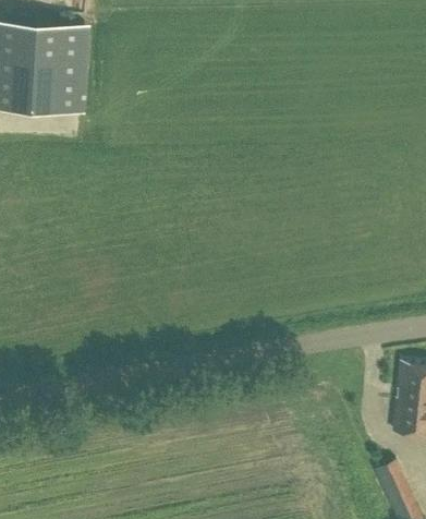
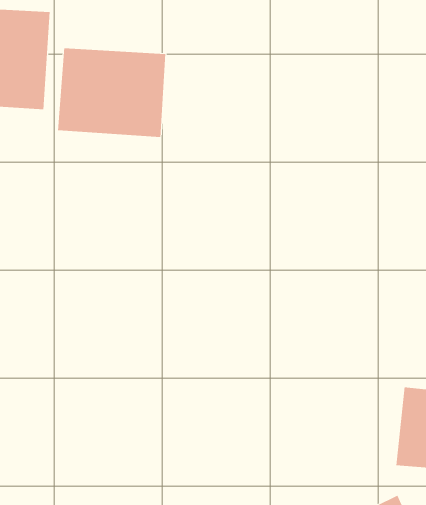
building: none -> [58,47,166,138]

